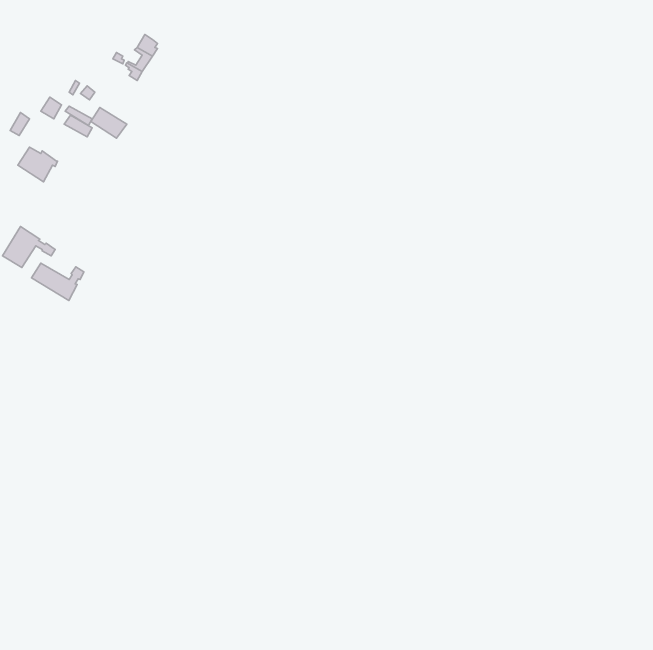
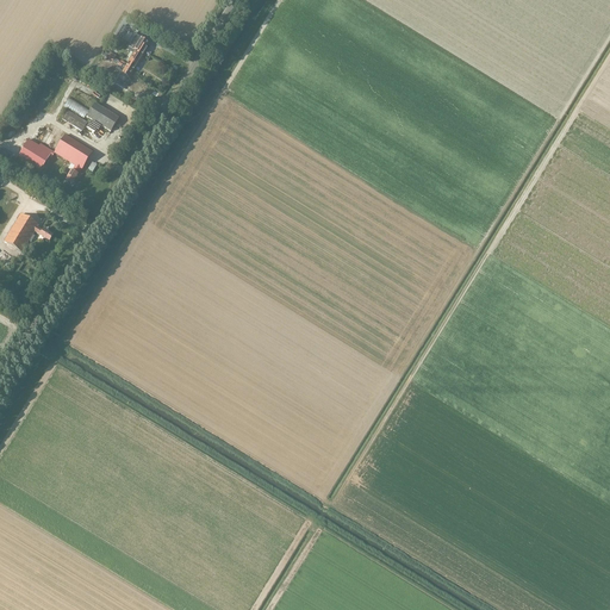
building: none -> [52,132,92,181]
building: [32,263,84,300] -> none

